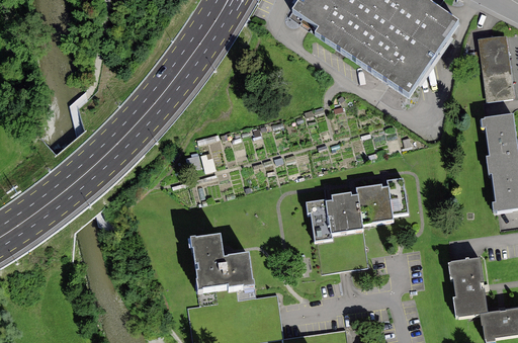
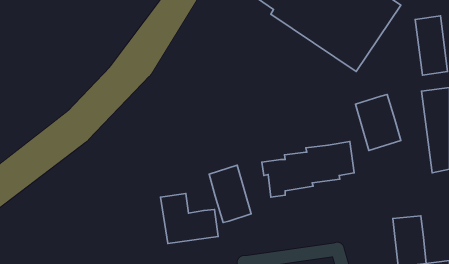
building: none -> [355,94,401,150]
building: none -> [209,165,251,223]

